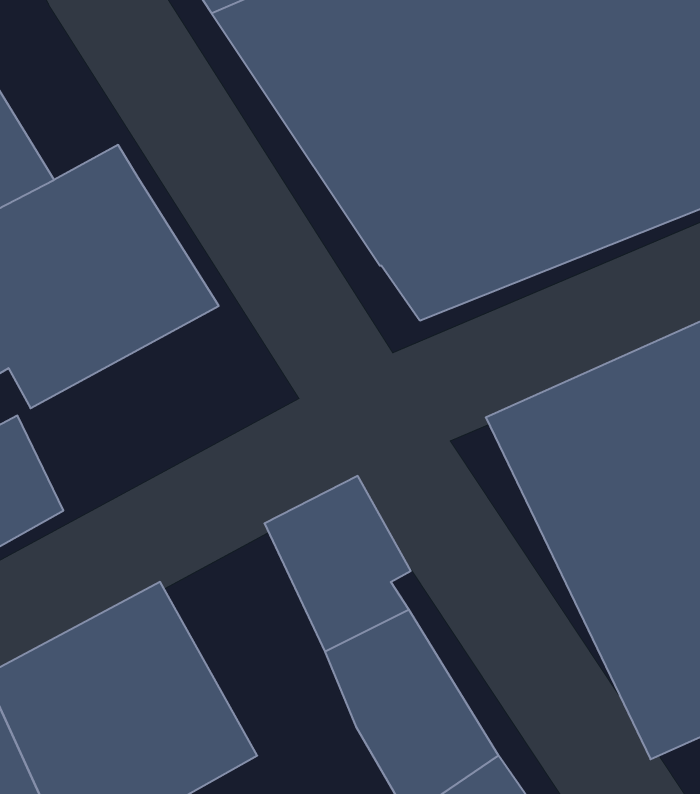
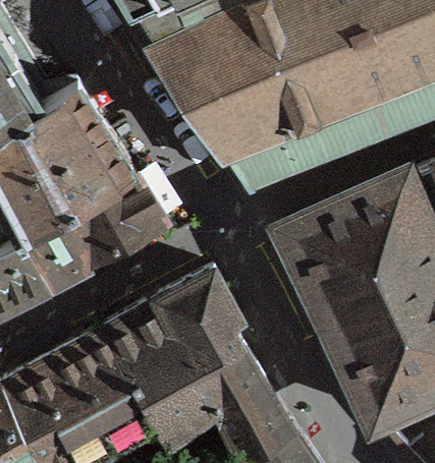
building: none -> [21,172,165,286]
building: none -> [101,293,210,438]

